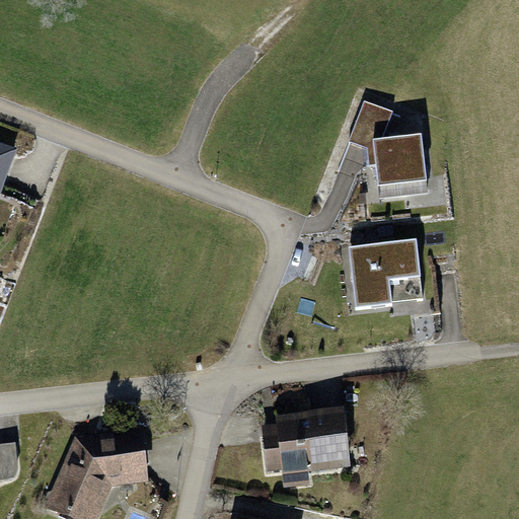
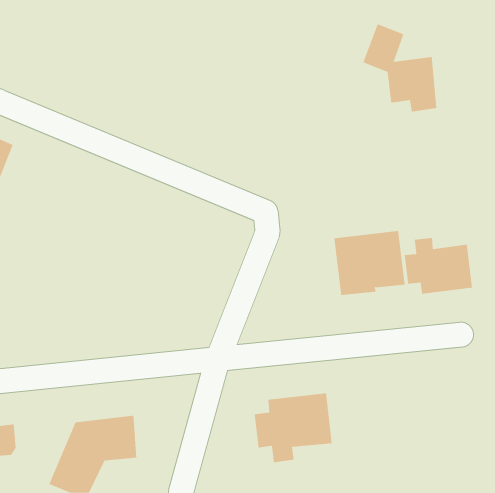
building: [349,99,427,192] -> [362,24,437,112]
building: none -> [404,237,472,294]

